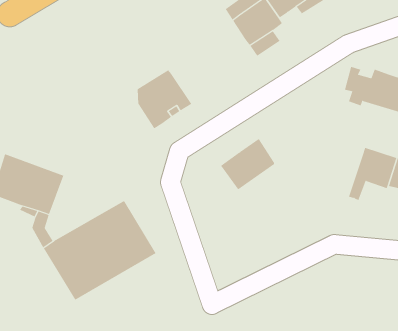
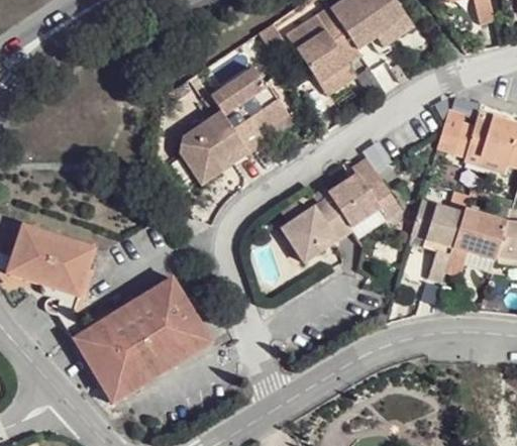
building: none -> [213,72,292,154]
building: none -> [331,155,407,227]
building: none -> [410,200,462,280]

